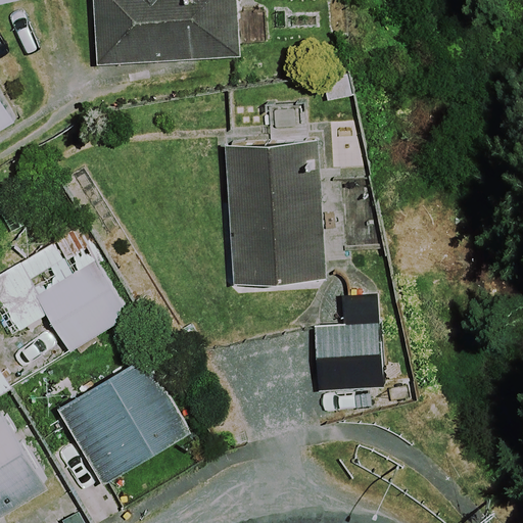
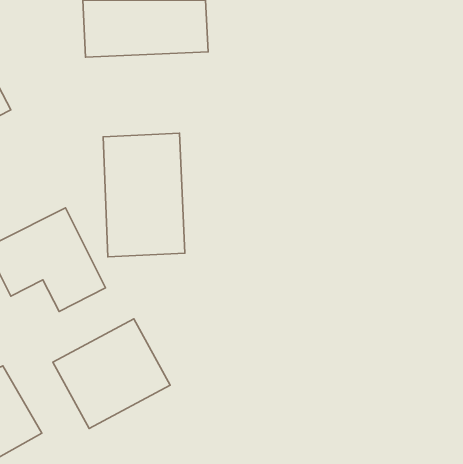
building: [228,144,320,283] -> [103,133,185,257]
building: [314,293,381,385] -> none

